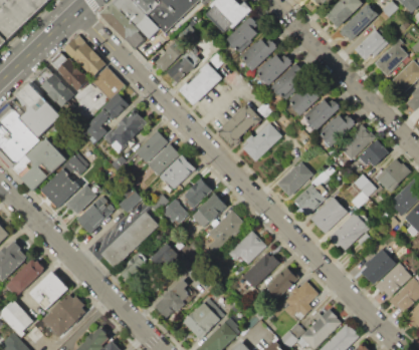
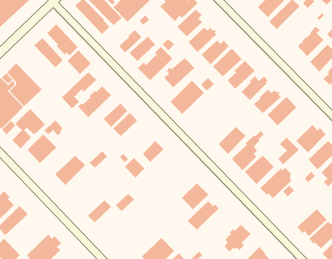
building: [355,27,388,59] -> none
building: [35,67,73,104] -> none
building: [243,122,282,160] -> [163,57,195,88]
building: [358,138,388,165] -> none
building: [159,153,195,190] -> none
building: [65,184,96,214] -> none
building: [198,193,226,221] -> none
building: [208,209,244,245] -> none
building: [100,210,159,268] -> none
building: [362,248,395,284] -> none
building: [265,267,297,299] -> none
building: [29,271,68,310] -> none
building: [150,280,195,318] -> none

